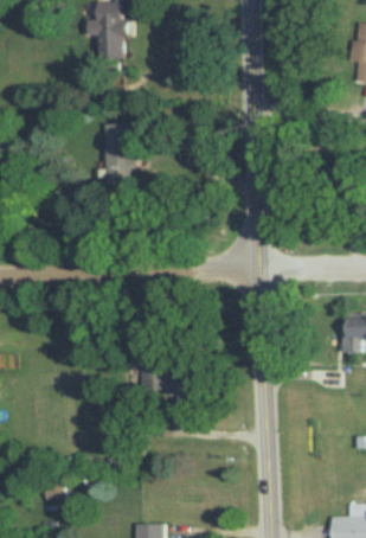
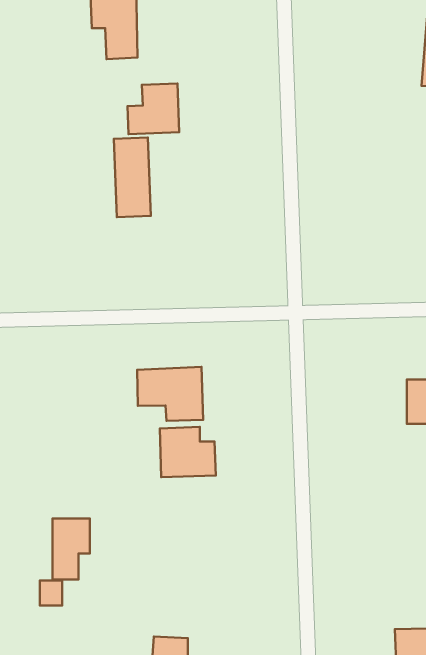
building: none -> [127,84,179,134]
building: none -> [137,367,203,421]
building: none -> [52,518,90,579]

